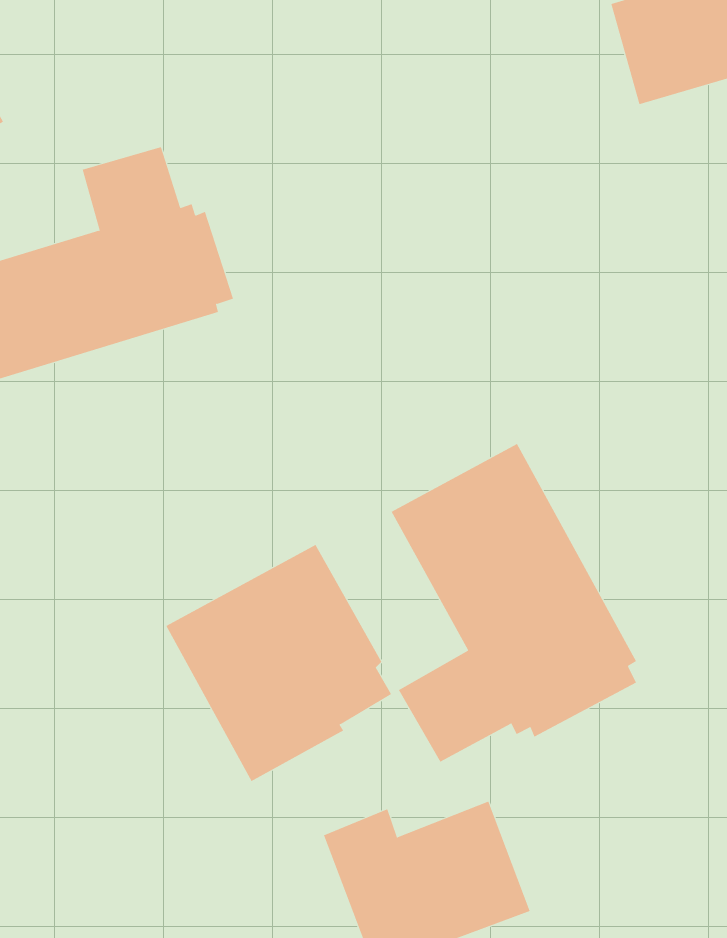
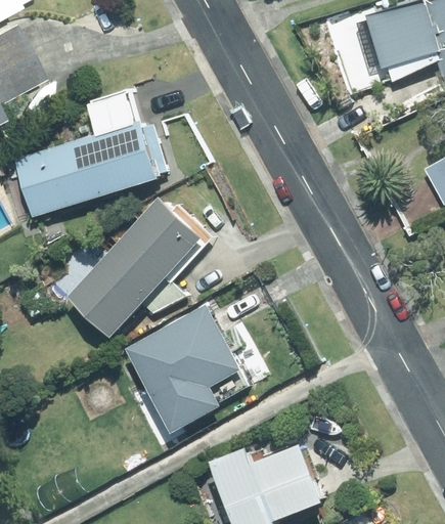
building: none -> [66,196,202,337]
building: [391,443,637,763] -> none

